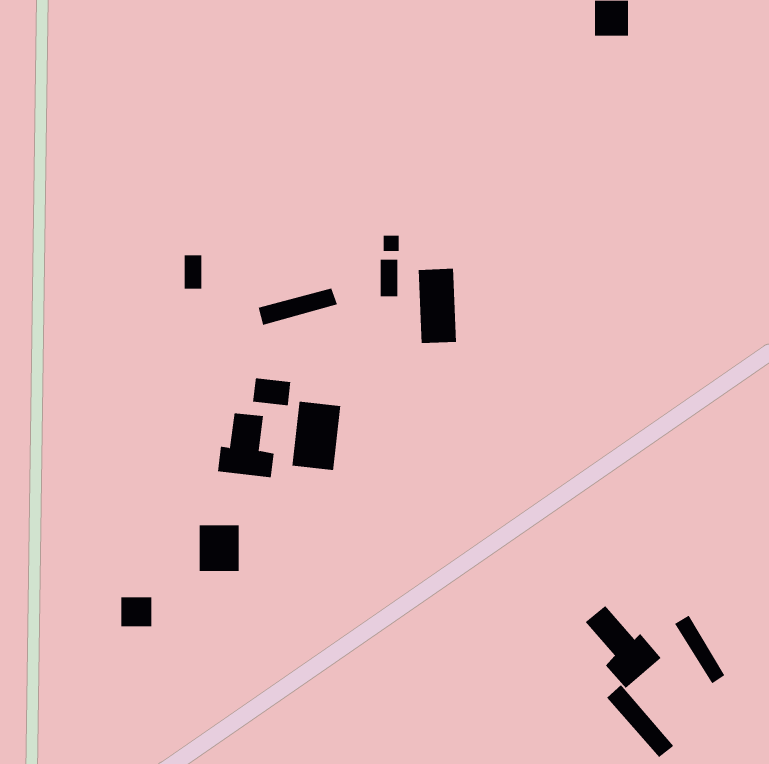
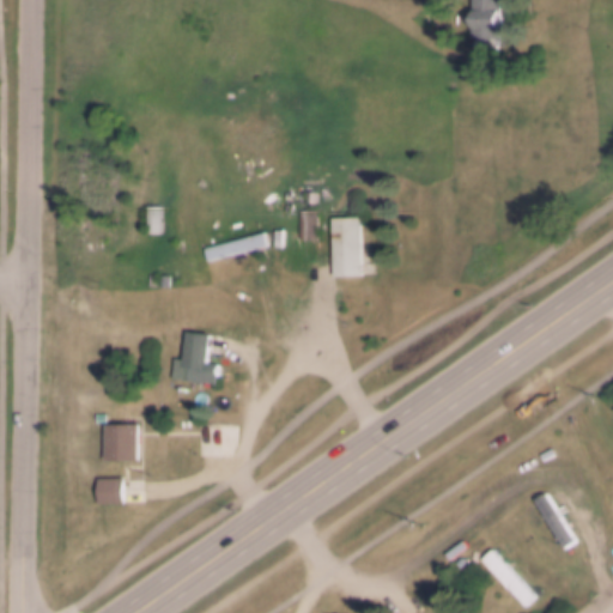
building: [253,377,291,406] -> none
building: [292,401,341,471] -> none
building: [199,525,240,572] -> [104,425,136,462]
building: [585,605,662,689] -> none

